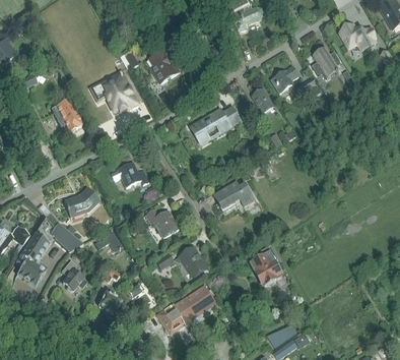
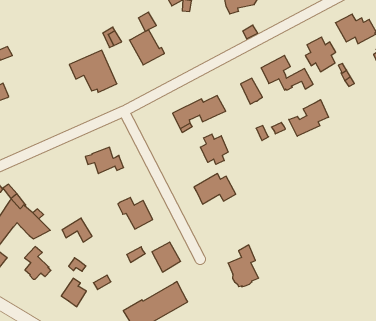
building: [54,103,82,130] -> none
building: none -> [289,100,329,136]
building: none -> [200,134,228,164]
building: [64,186,99,217] -> none

